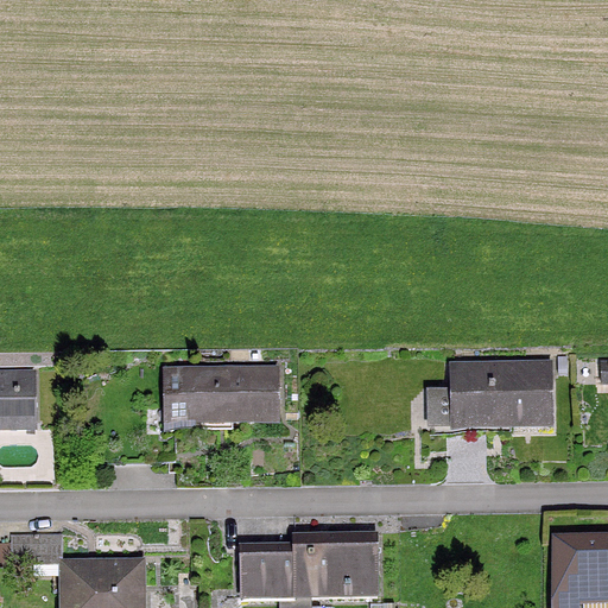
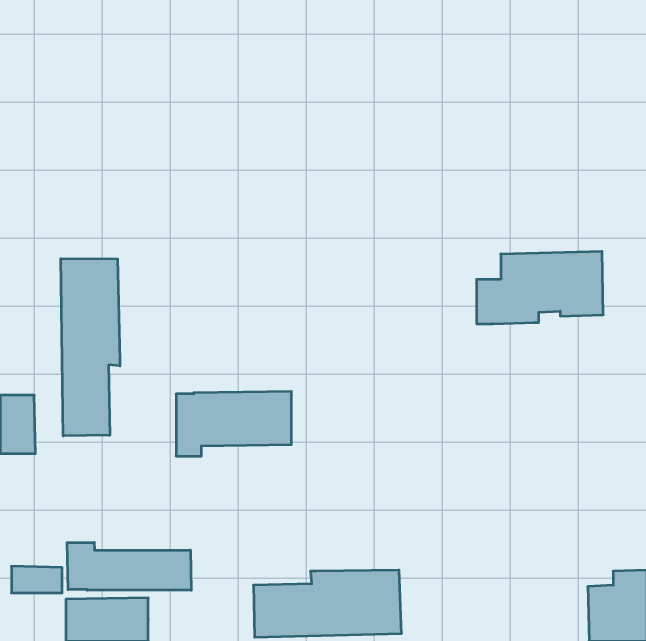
building: none -> [61,259,120,436]
building: [430,362,549,430] -> [477,251,603,324]
building: none -> [67,542,191,590]

